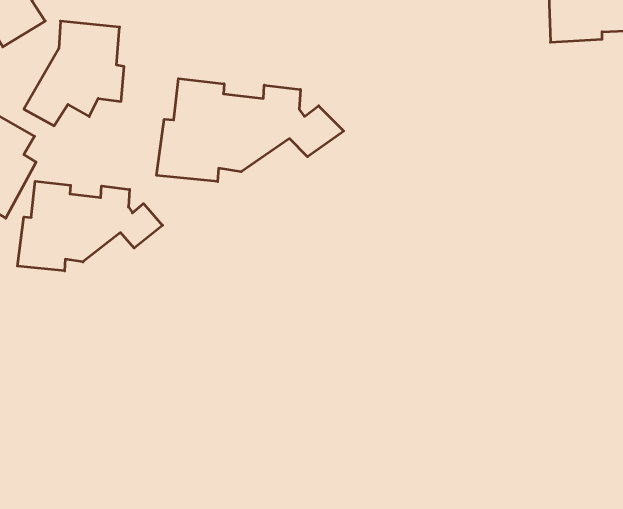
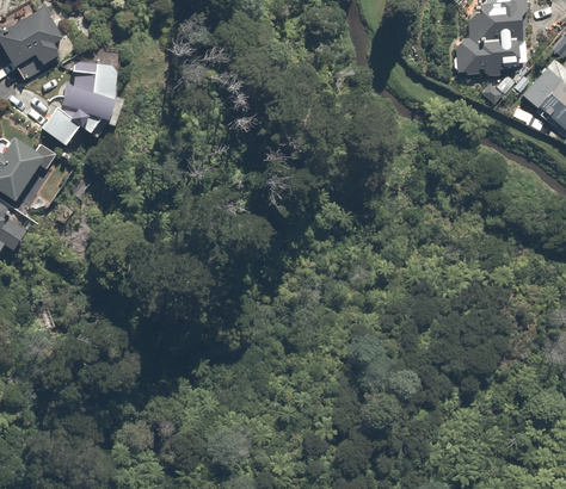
building: [157,79,344,182] -> none
building: [17,181,163,271] -> none

